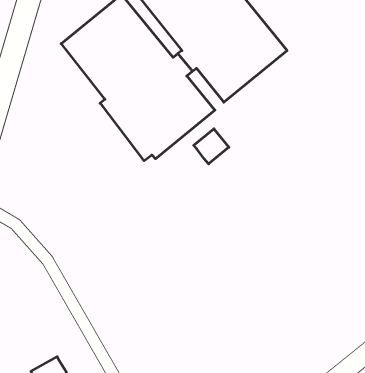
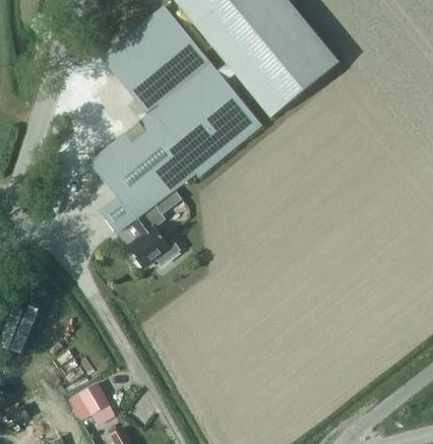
building: none -> [89,119,188,270]
building: [194,129,229,164] -> none

